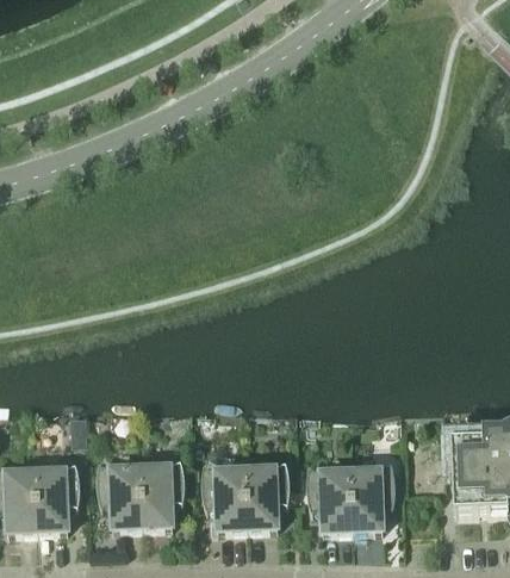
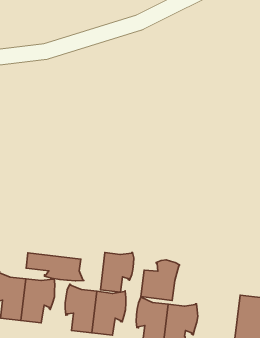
building: none -> [100,252,134,292]
building: none -> [141,260,179,300]
building: none -> [26,253,84,281]

